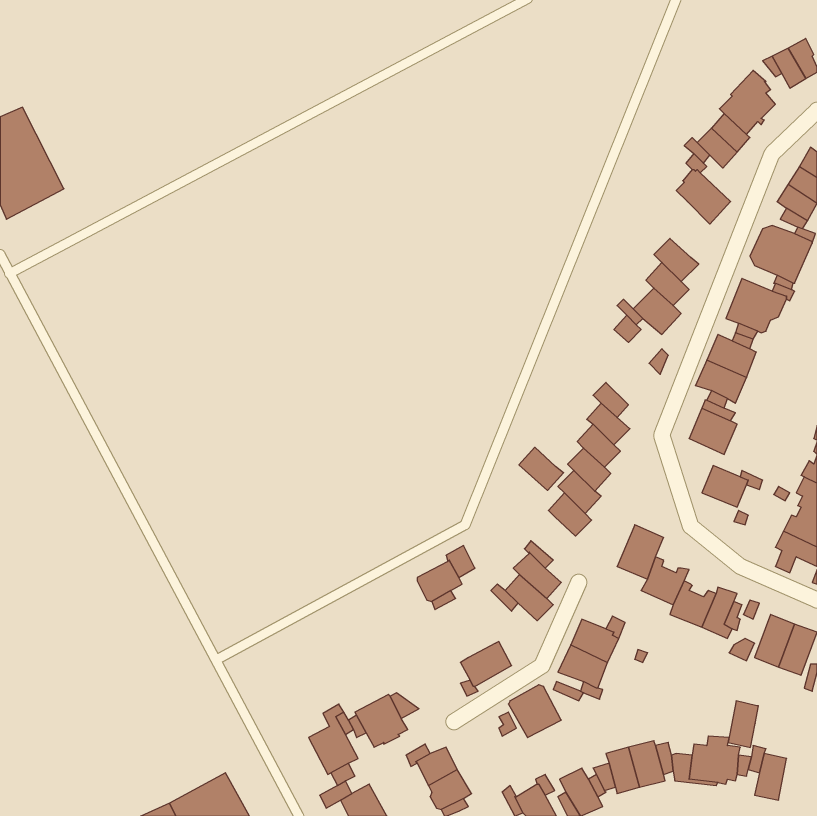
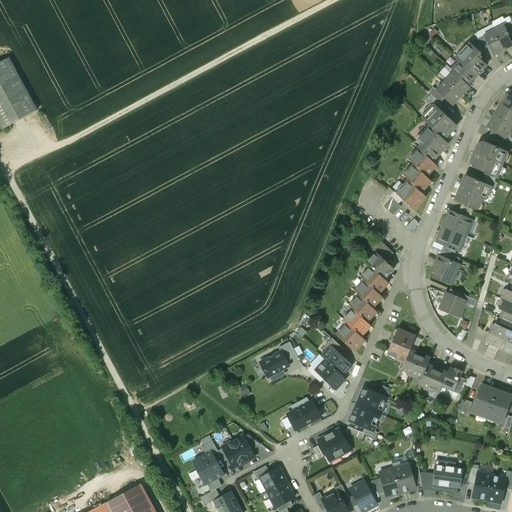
building: none -> [418,126,449,161]
building: [519,447,564,490] -> [337,323,365,350]
building: [728,701,758,747] -> [487,474,506,503]

